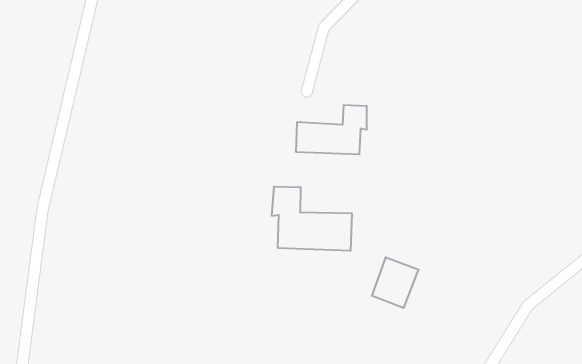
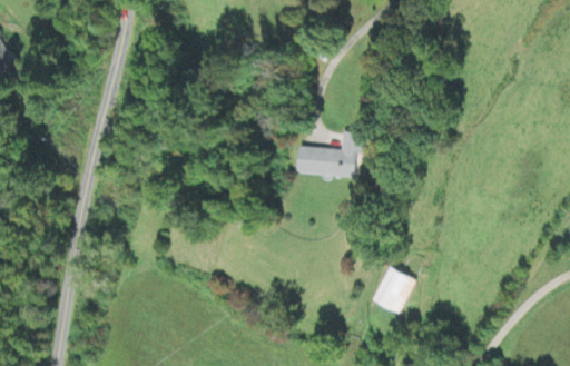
building: [272,186,352,251] -> none

